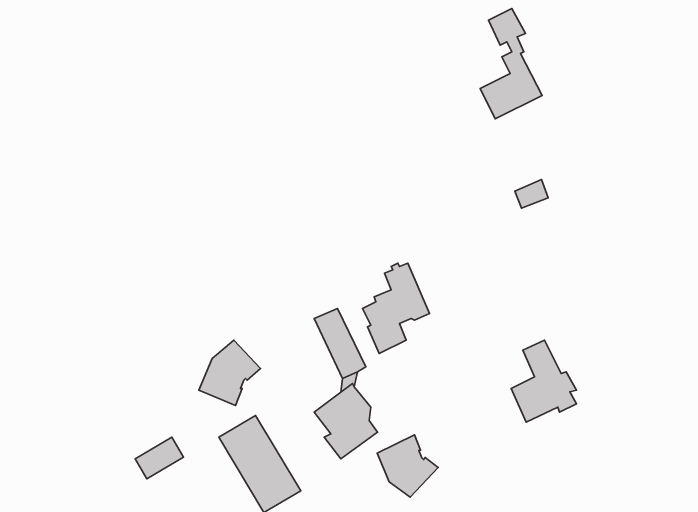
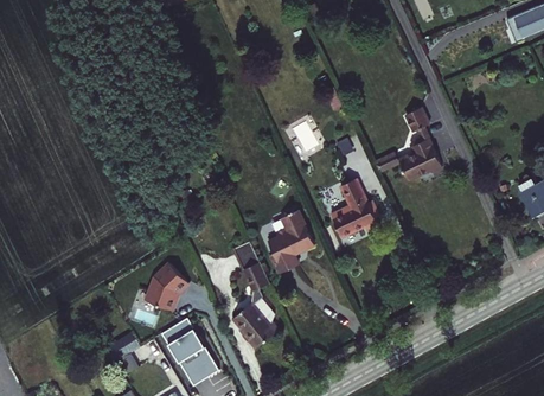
building: [480,8,542,119] -> [399,104,443,183]
building: [511,340,576,422] -> [331,180,377,238]
building: [377,435,438,497] -> none

